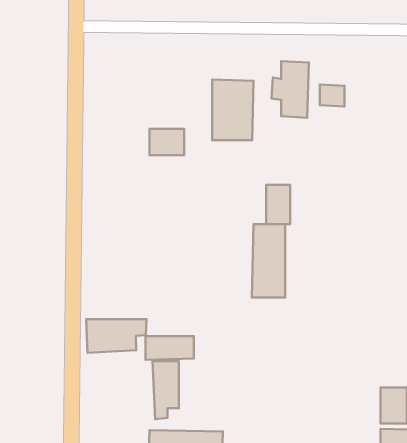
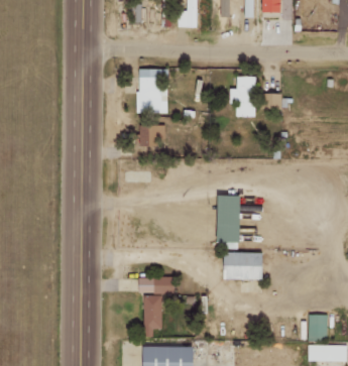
building: [212,79,254,140] -> [138,69,168,113]
building: [266,185,290,224] -> none
building: none -> [221,251,260,279]
building: [86,319,147,353] -> none

